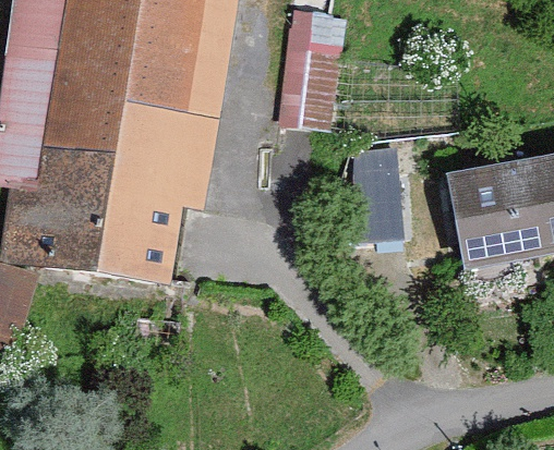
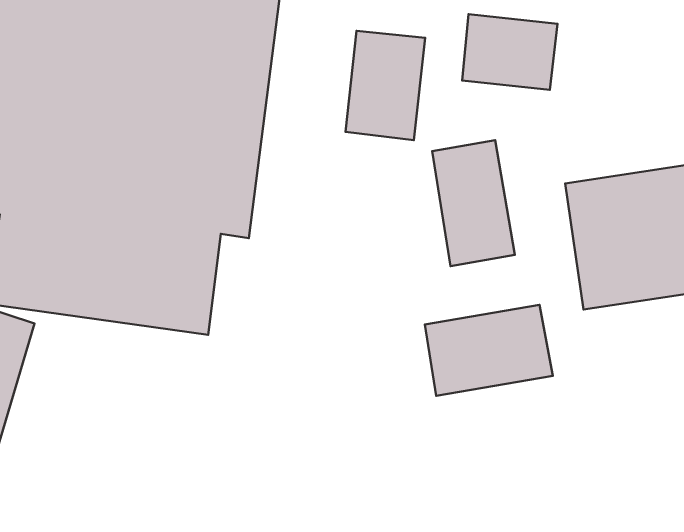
building: none -> [462,14,557,90]
building: none -> [425,305,553,396]

